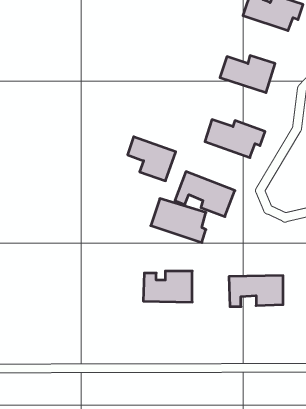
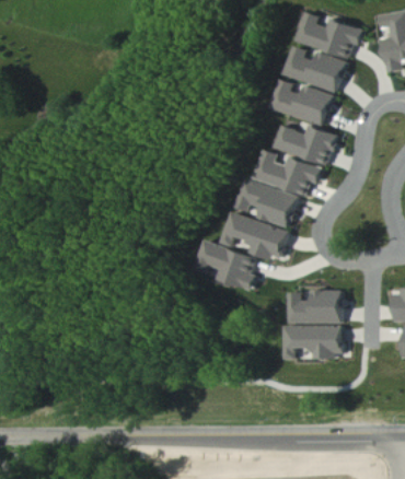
building: none -> [284,45,345,92]
building: none -> [275,125,336,164]
building: [128,137,176,181] -> [244,179,297,227]
building: [143,271,192,302] -> [287,290,340,324]

